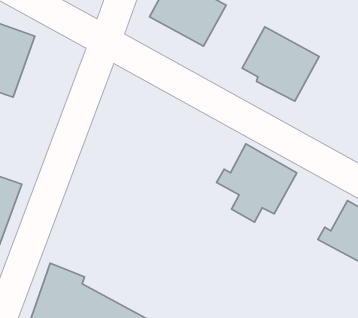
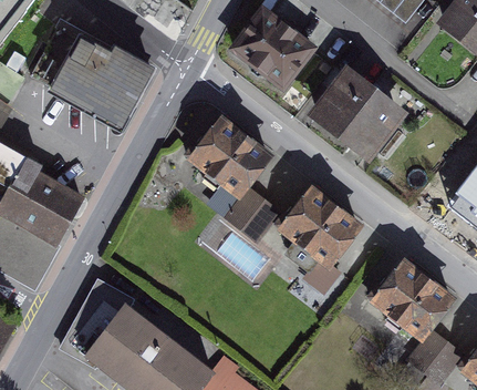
building: none -> [86,51,153,127]
building: none -> [187,122,269,195]
building: none -> [230,193,276,238]

